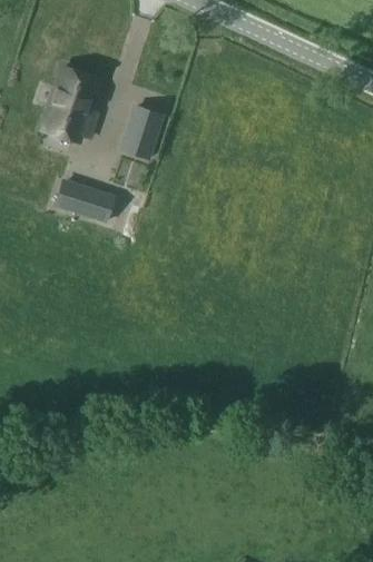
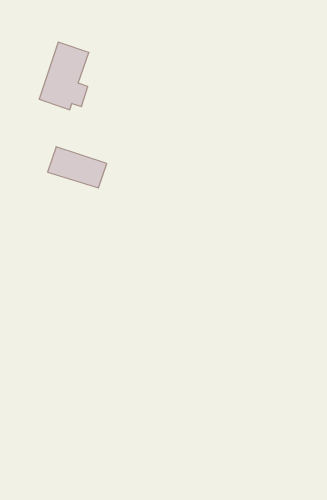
building: [118,105,164,159] -> none

